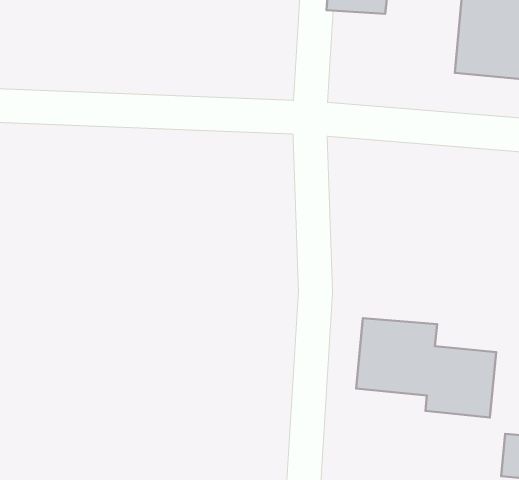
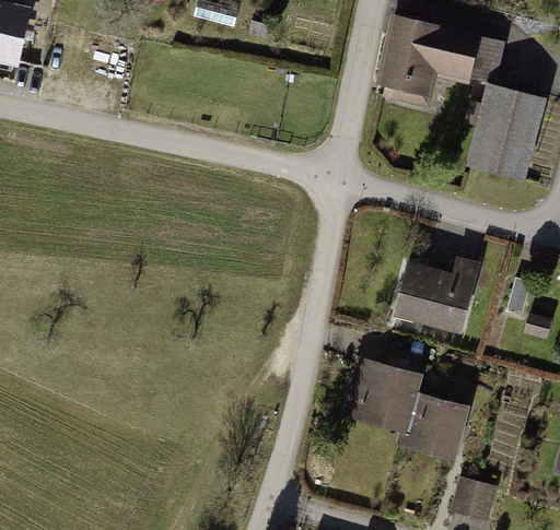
building: none -> [389,257,477,335]

